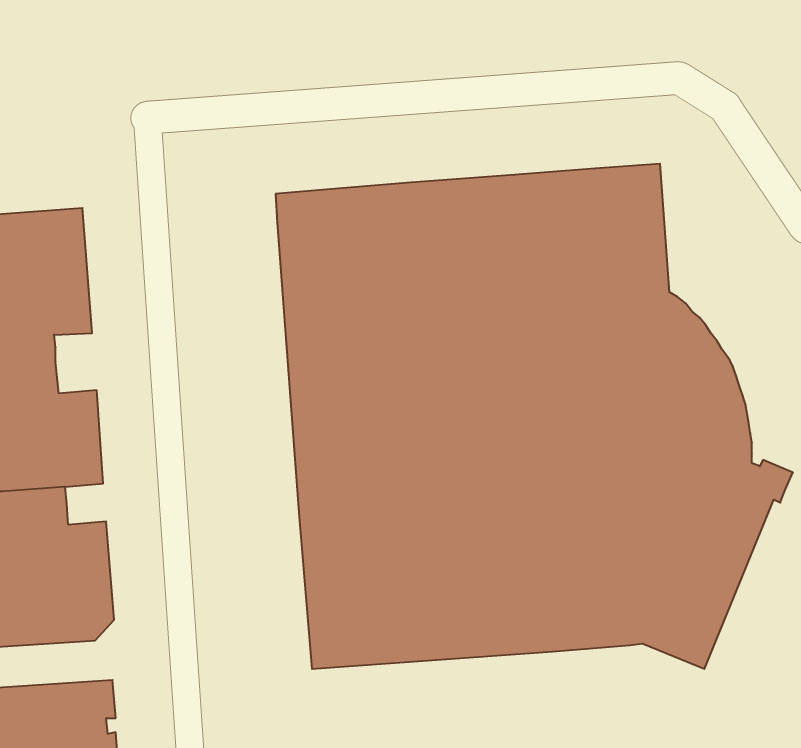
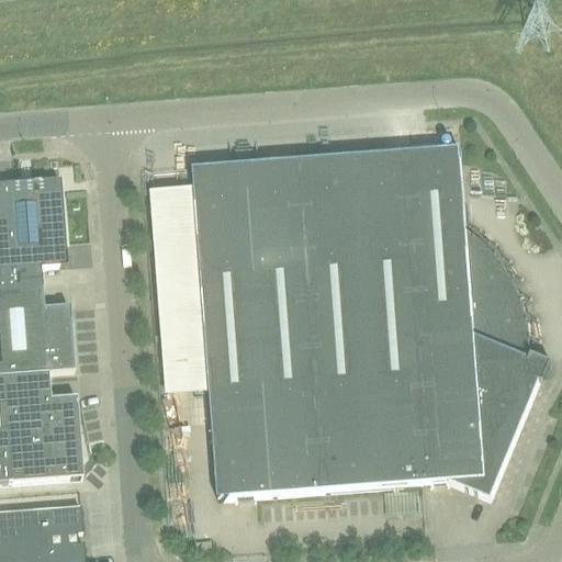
building: none -> [153,186,209,393]

